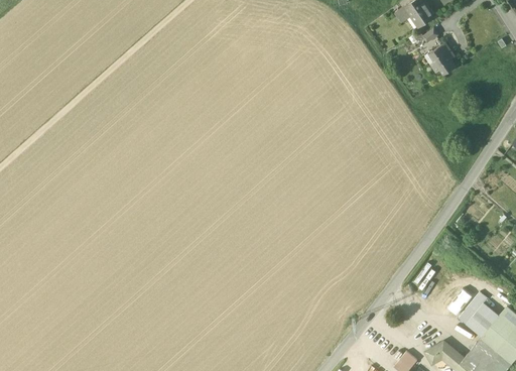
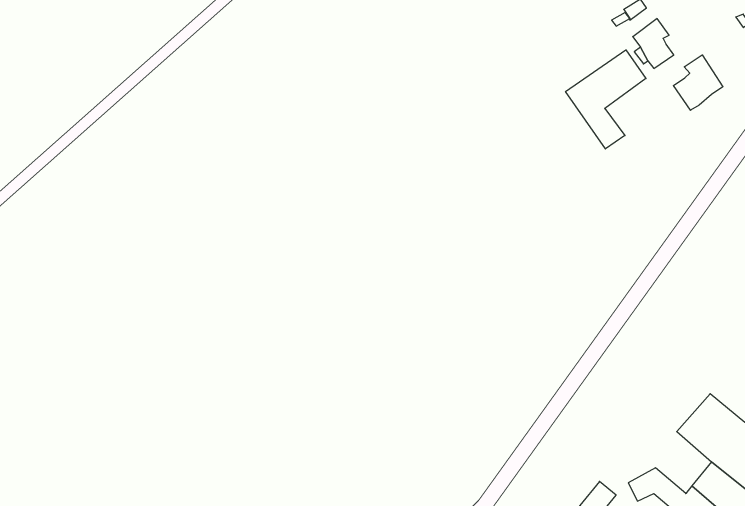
building: none -> [566,50,646,149]
building: none -> [673,55,723,110]

